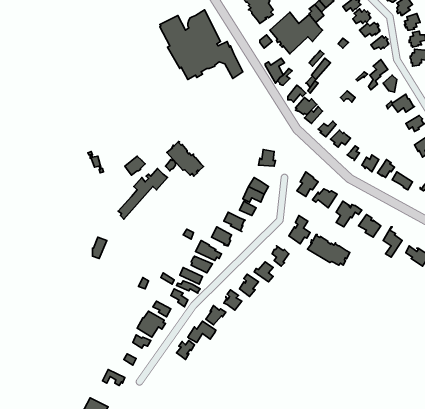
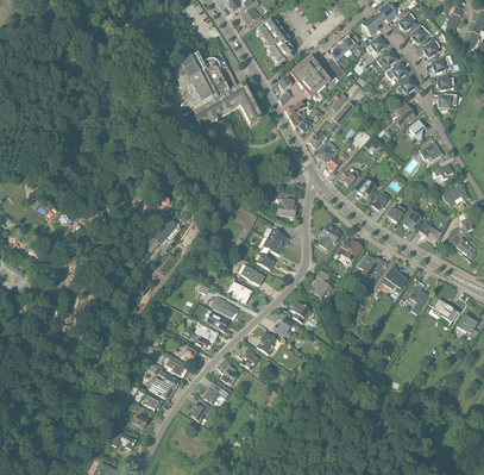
building: [167,142,203,176] -> none
building: [308,235,350,265] -> none

